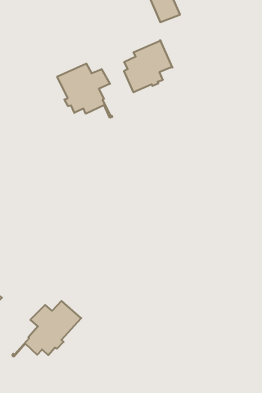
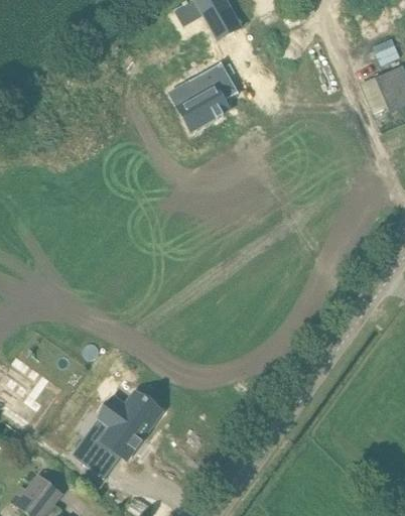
building: [57,64,112,118] -> none

